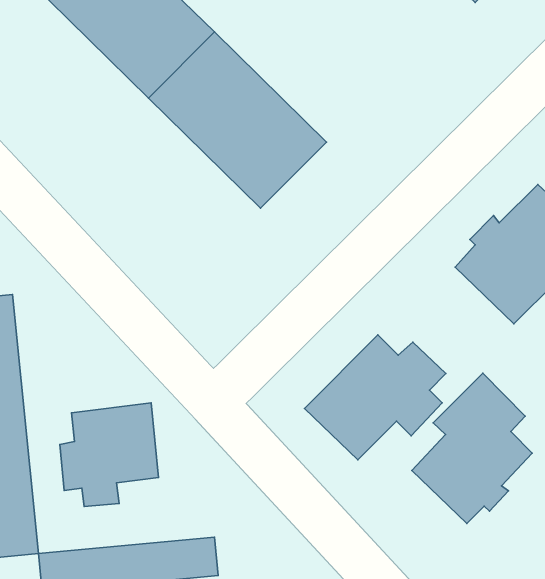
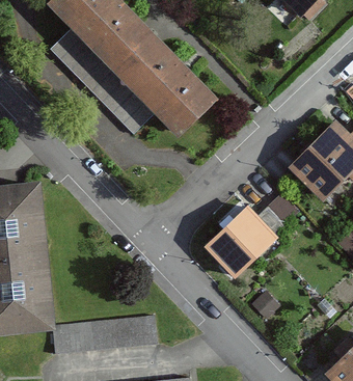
building: none -> [49,30,153,133]
building: [412,373,532,523] -> none
building: [60,403,158,507] -> none

